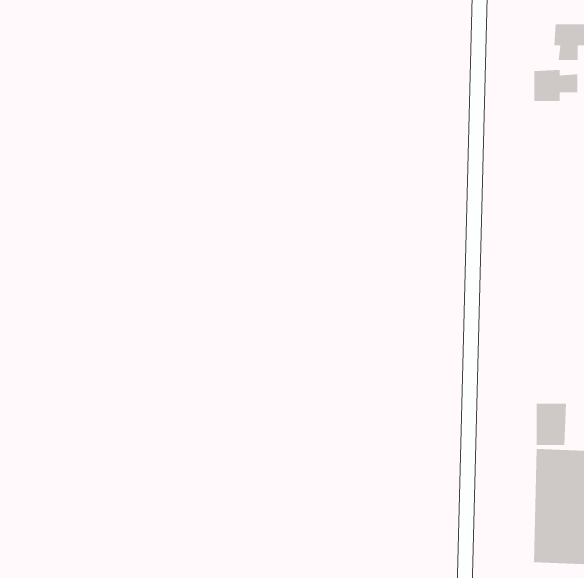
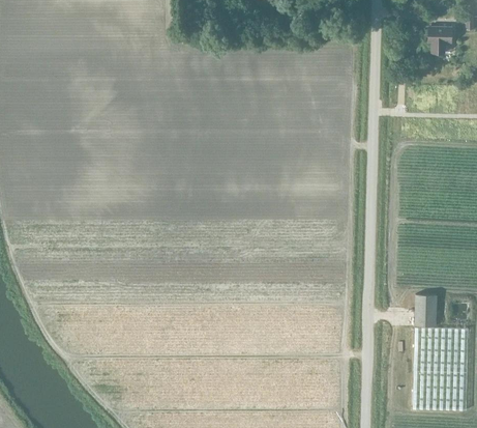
building: [534,69,578,102] -> none

